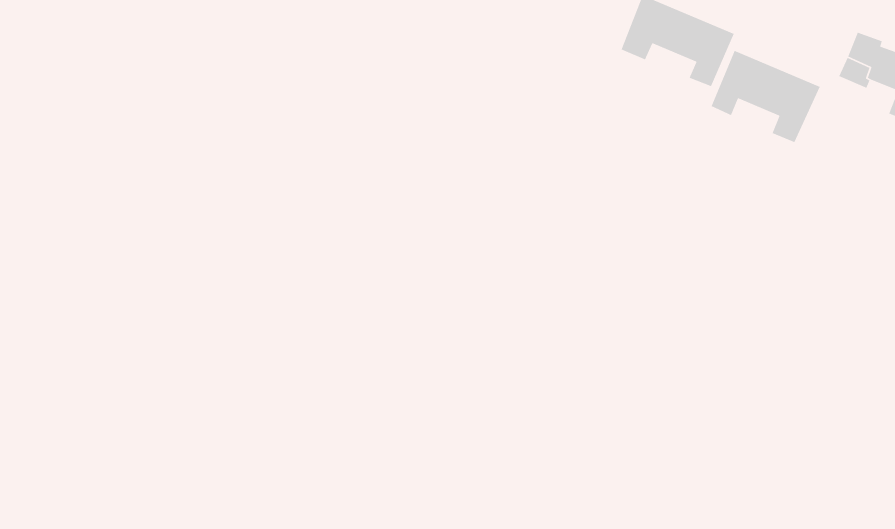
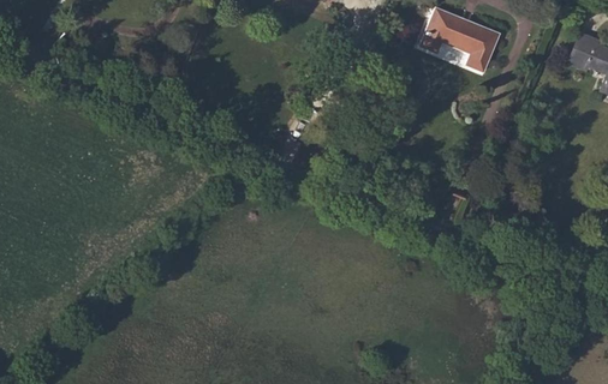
building: [711,50,821,143] -> none

